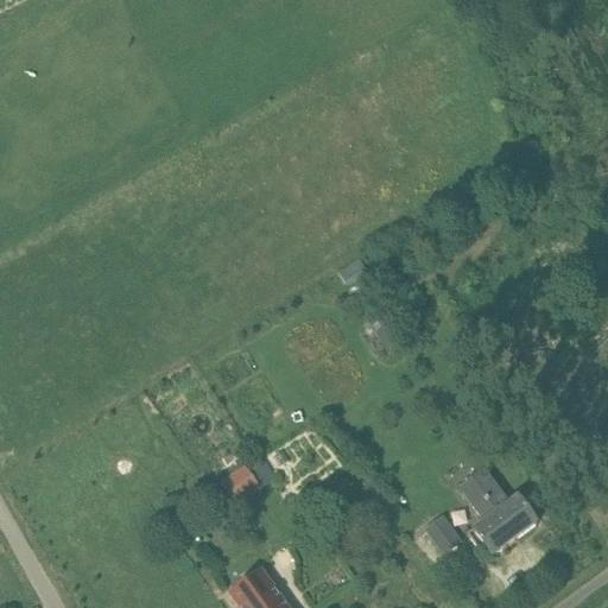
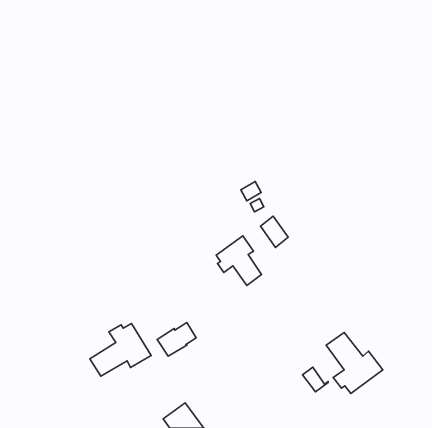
building: none -> [216,236,261,285]
building: none -> [90,323,151,376]

